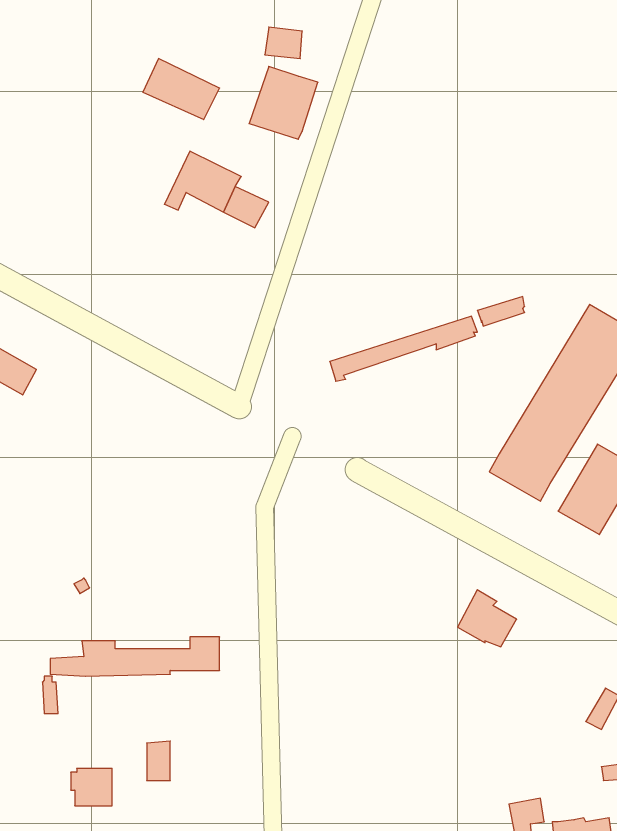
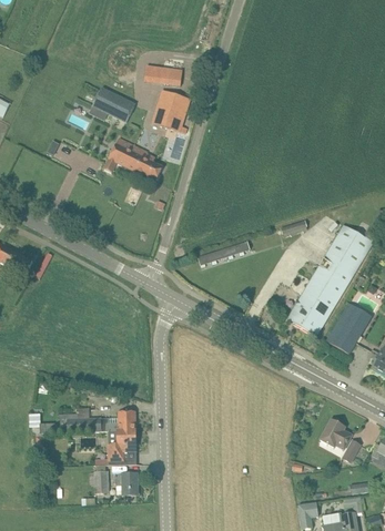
building: [458,590,517,647] -> [320,417,353,449]
building: none -> [108,429,136,459]
building: [71,768,112,806] -> [114,472,138,493]

